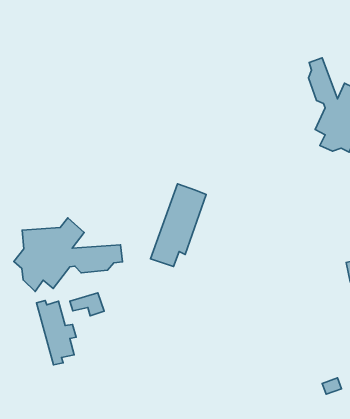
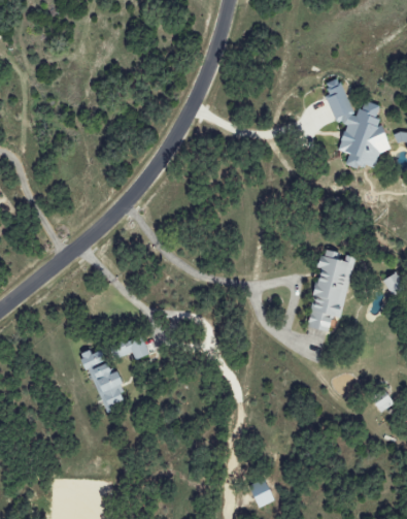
building: [150,184,206,267] -> [306,250,354,332]
building: [14,218,122,291] -> none

